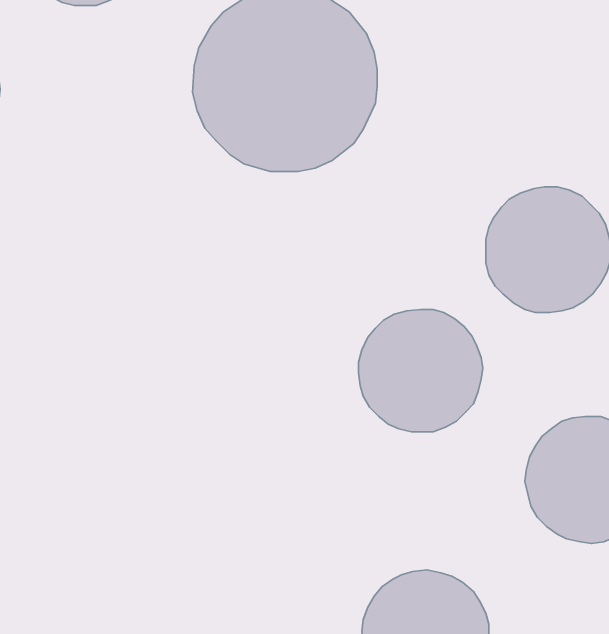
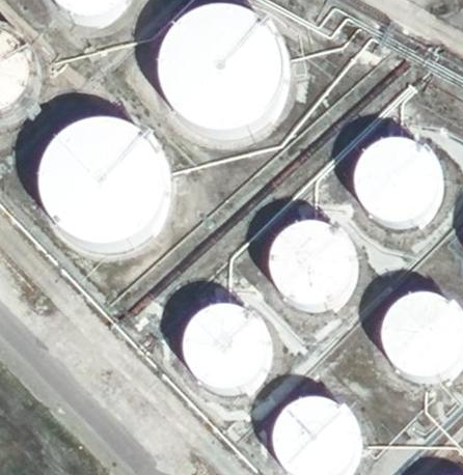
building: none -> [39,118,163,242]
building: none -> [182,301,267,386]

